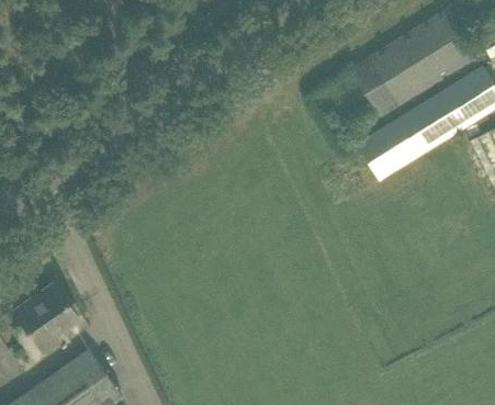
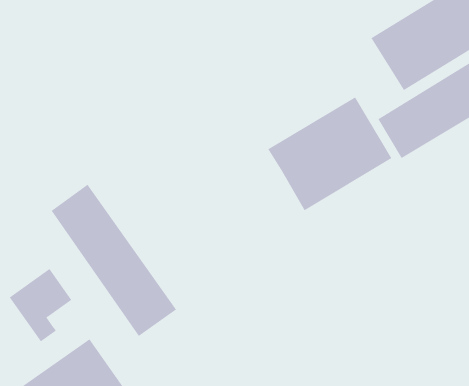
building: none -> [268,96,392,211]
building: none -> [51,184,177,337]

